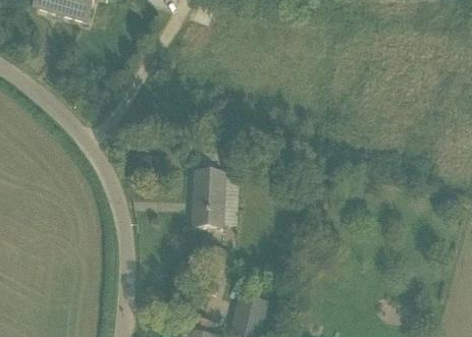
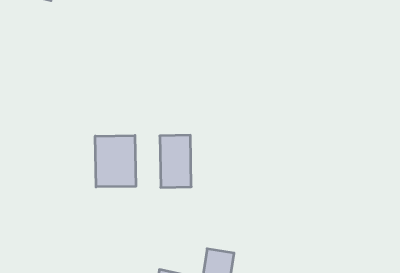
building: none -> [95,135,136,187]

